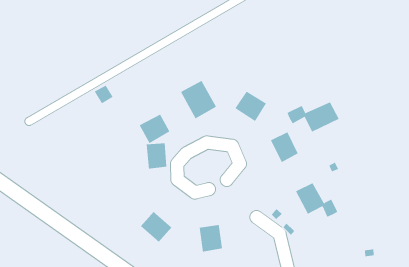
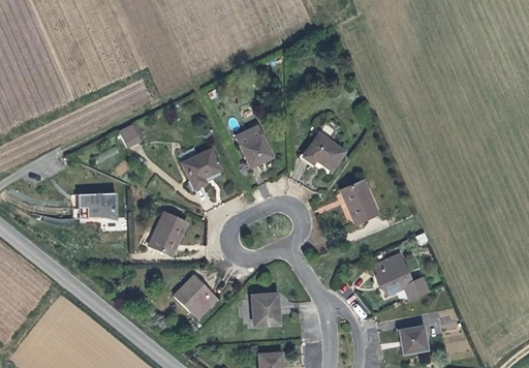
building: [287,101,339,132] -> none
building: [146,143,167,169] -> [160,223,185,254]
building: none -> [74,192,118,219]
building: none -> [398,314,428,349]

